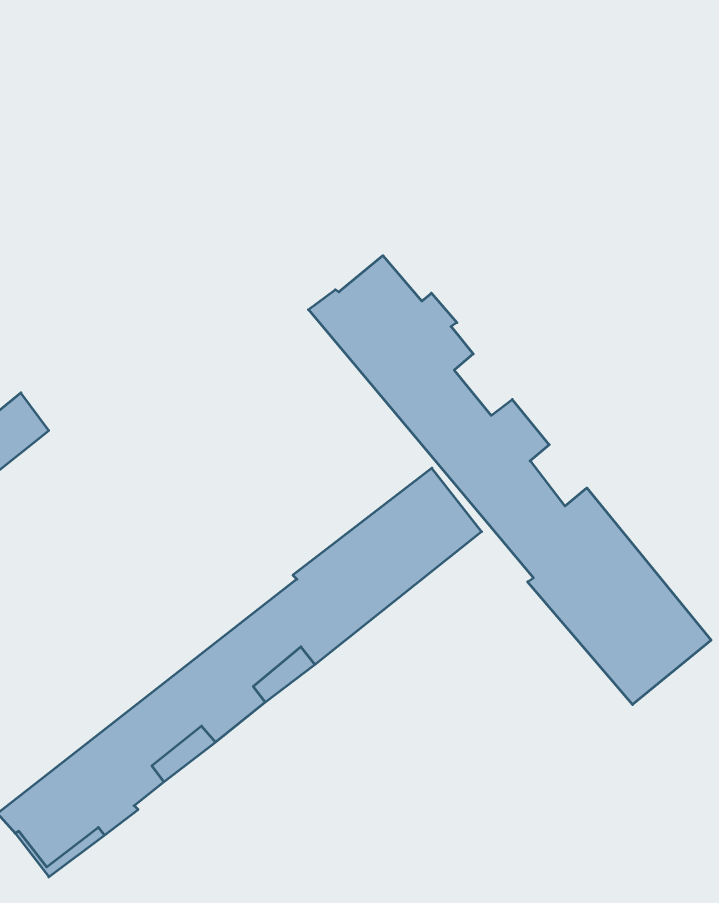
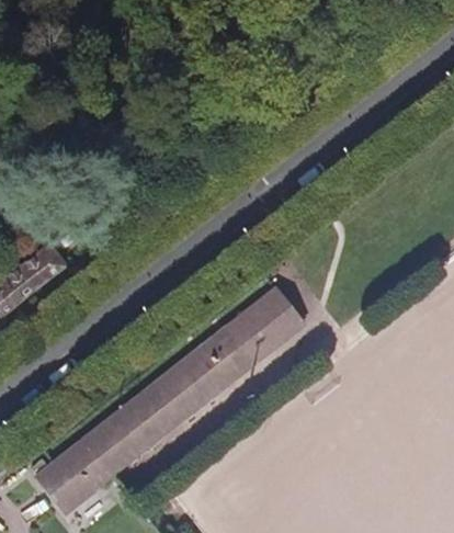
building: [308,256,711,705] -> none

